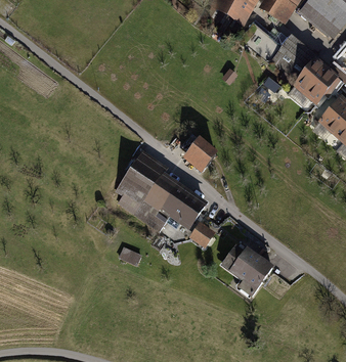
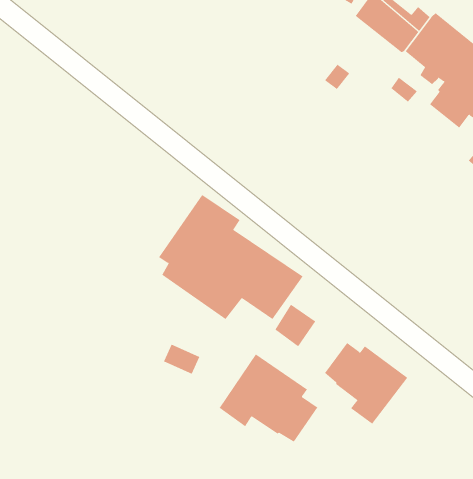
building: [182,137,217,172] -> none
building: none -> [219,353,318,442]

